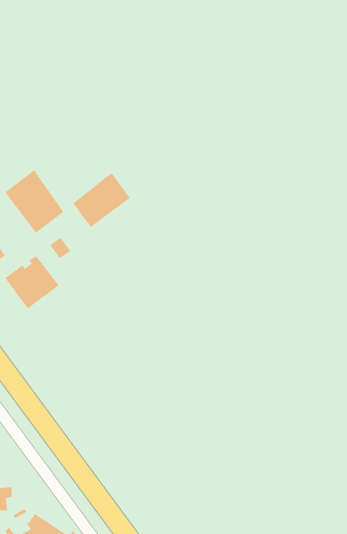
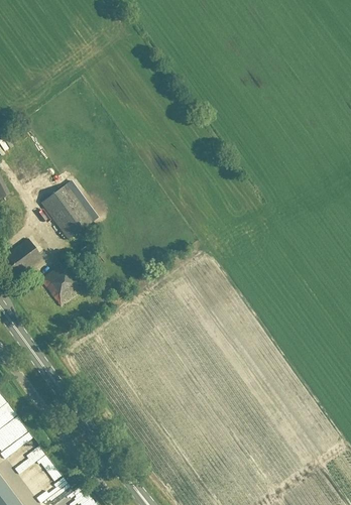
building: [73,172,131,228] -> none

